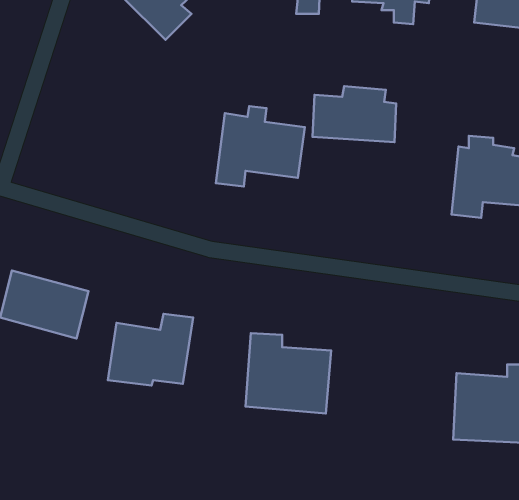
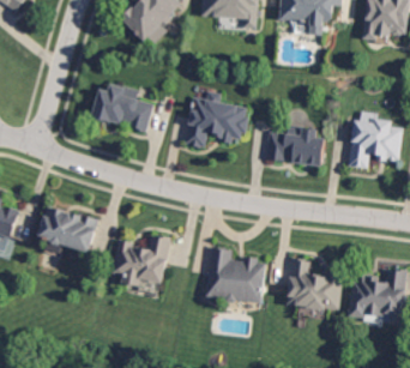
building: [313,86,396,142] -> [266,126,324,164]
building: none -> [91,83,152,132]
building: none -> [287,259,343,310]

